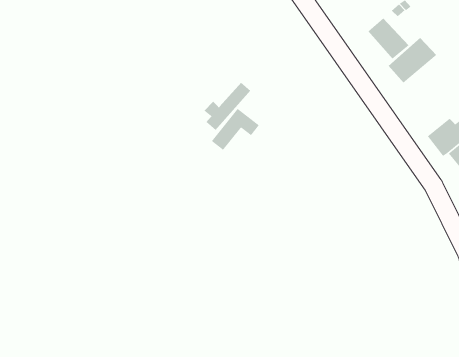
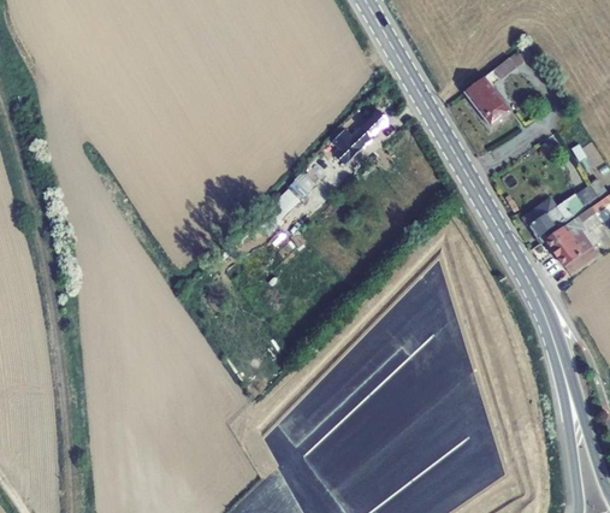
building: [388,37,437,84] -> none
building: [204,82,251,131] -> [333,108,390,163]

